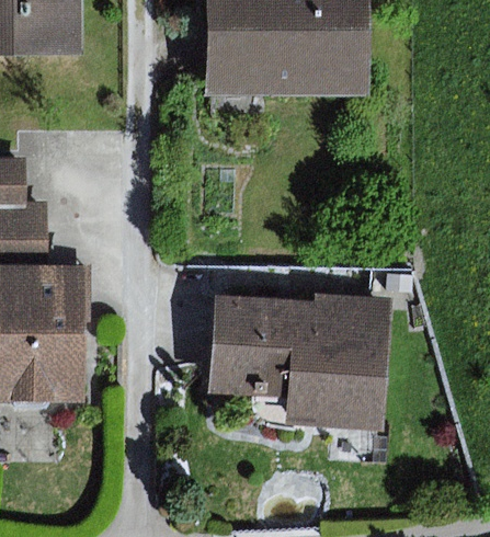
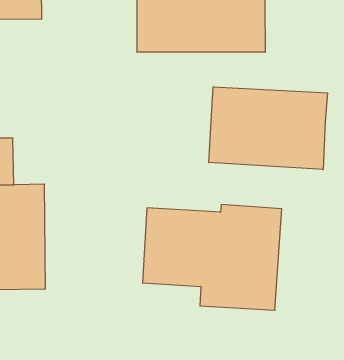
building: none -> [209,87,327,170]

